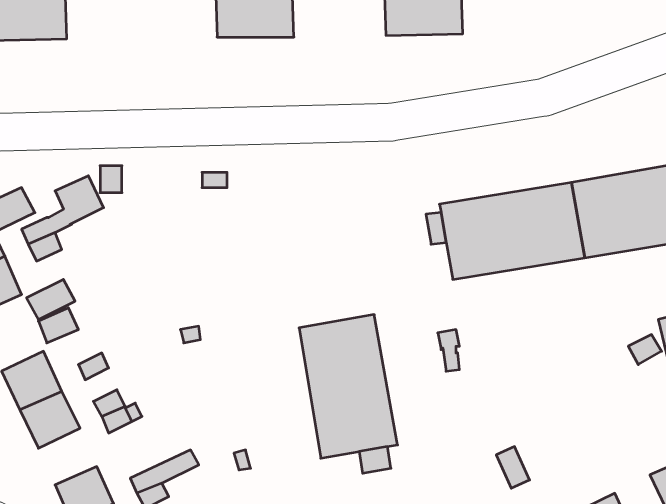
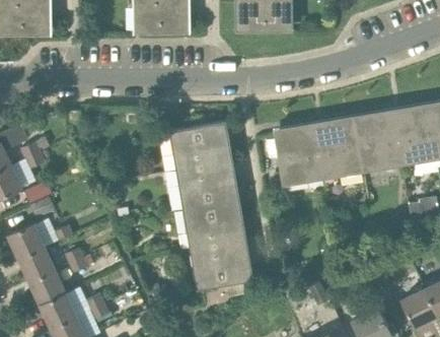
building: none -> [173,122,233,210]
building: none -> [29,271,65,306]

